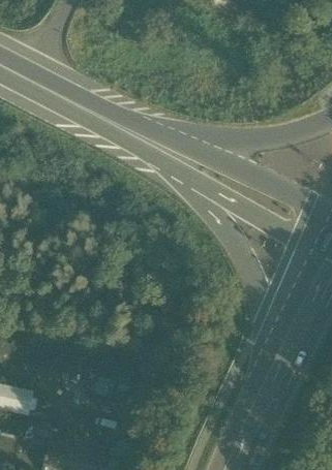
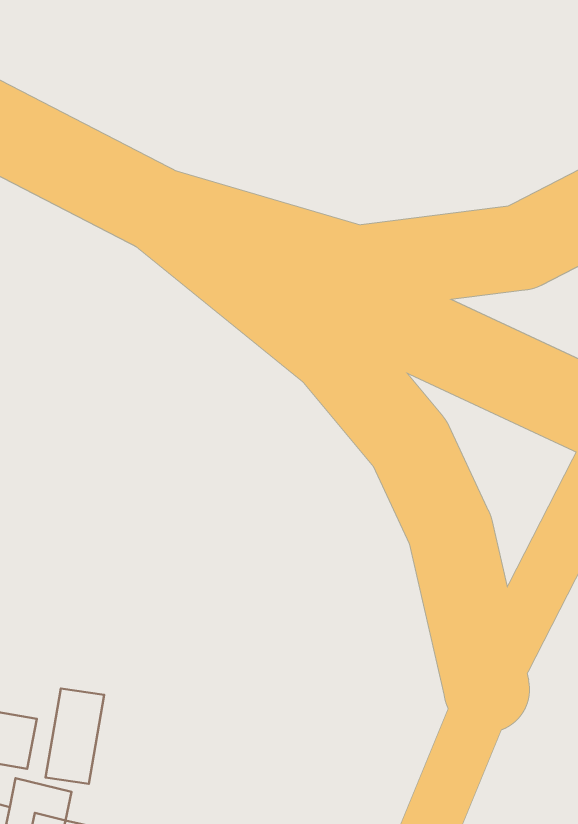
building: none -> [45,689,104,784]

